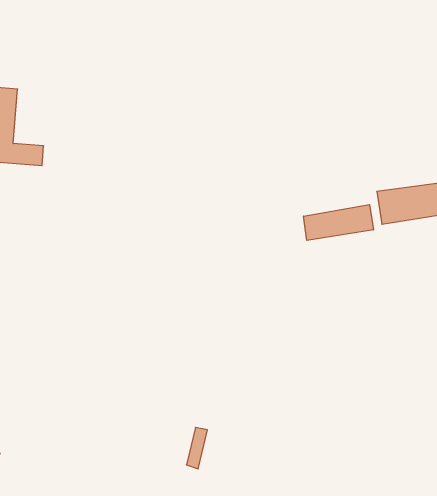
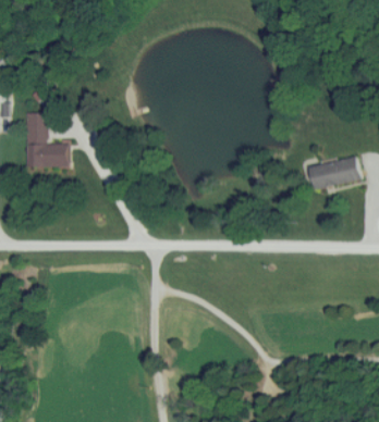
building: [304,205,373,240] -> none

